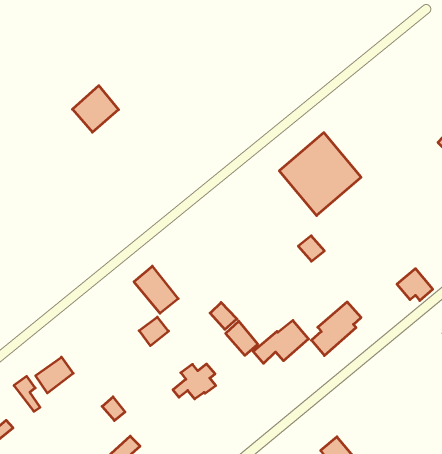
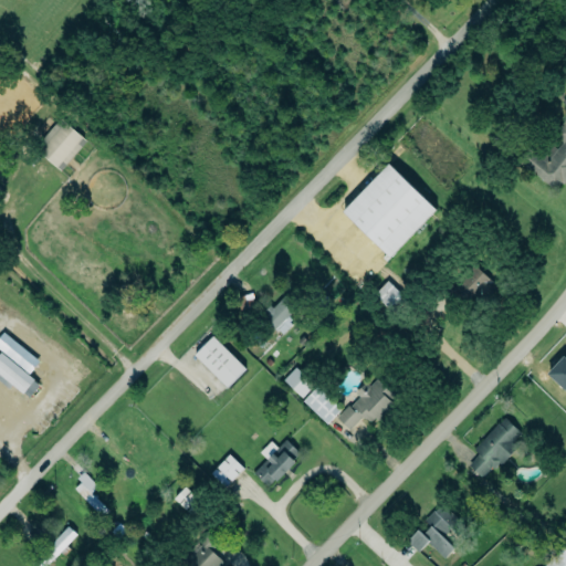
building: [72,86,119,132] -> [35,117,87,170]
building: none -> [263,290,302,333]
building: [397,269,433,301] -> [458,265,499,301]
building: [311,302,361,356] -> [469,417,522,480]
building: [139,317,169,346] -> [211,454,244,488]
building: [36,357,73,393] -> none

